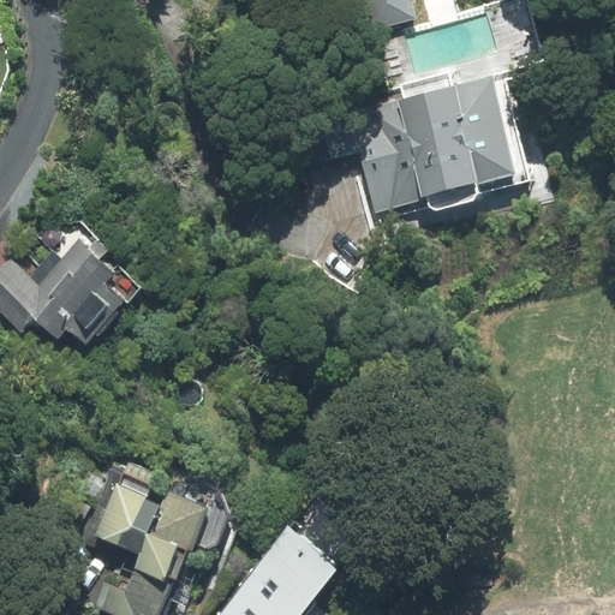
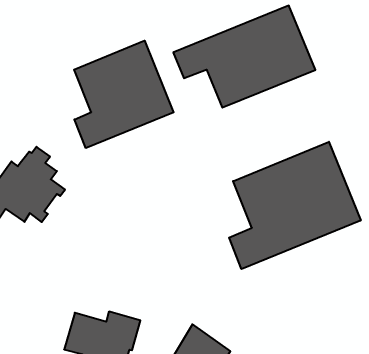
building: none -> [74,41,174,148]
building: none -> [229,142,361,269]

